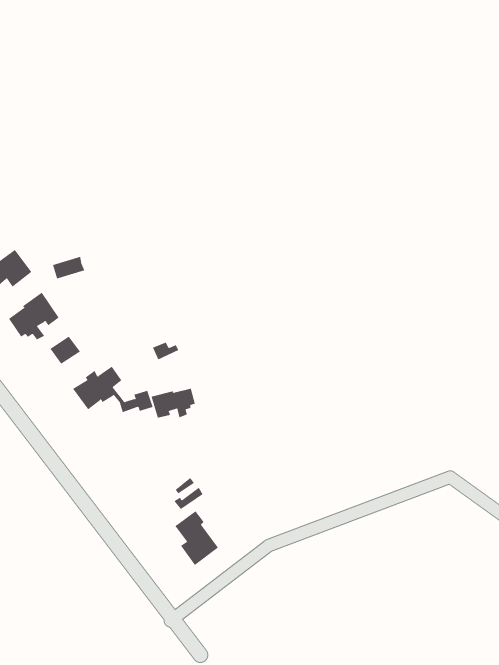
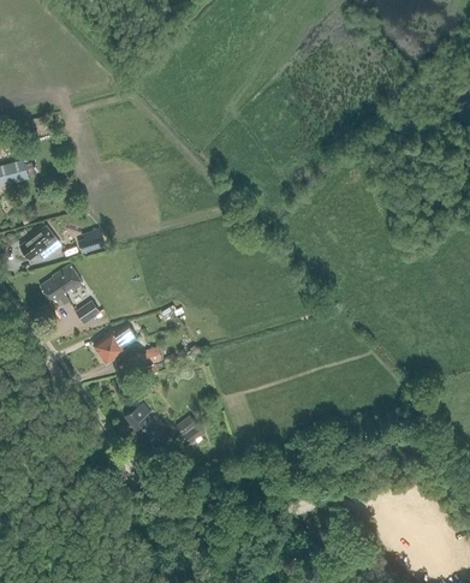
building: [151,388,196,418] -> none
building: [175,510,219,566] -> [125,401,162,448]

